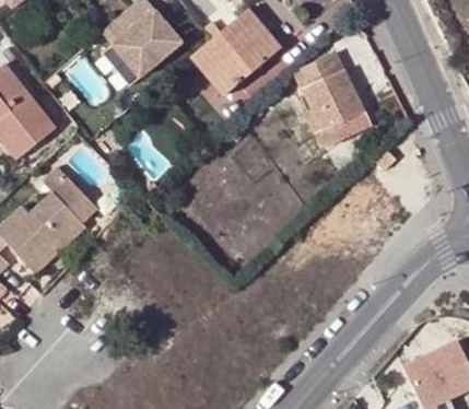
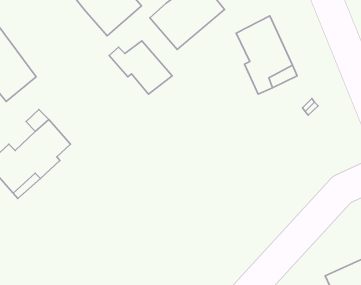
building: none -> [109,41,172,94]

